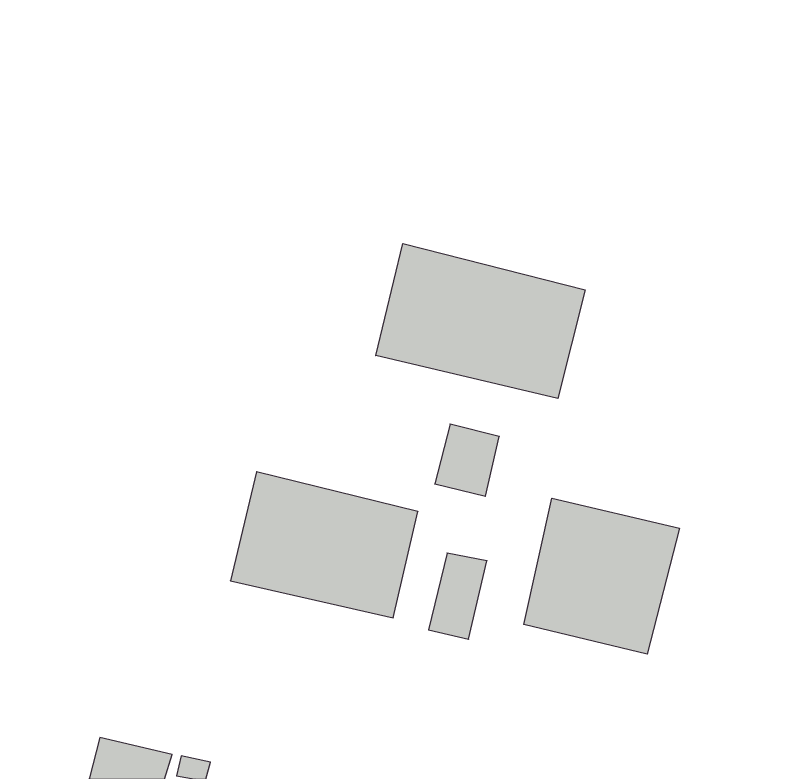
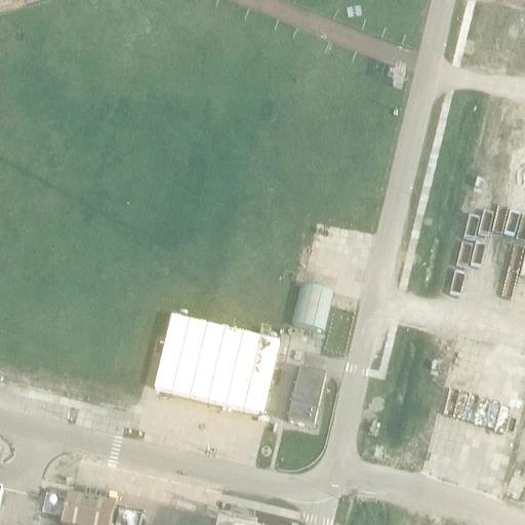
building: [376,244,585,398] -> none
building: [524,498,679,654] -> none

